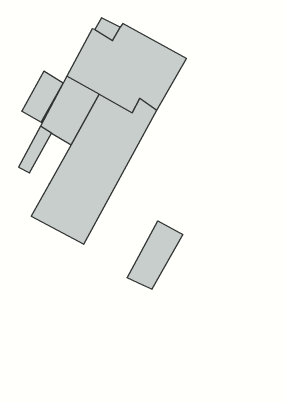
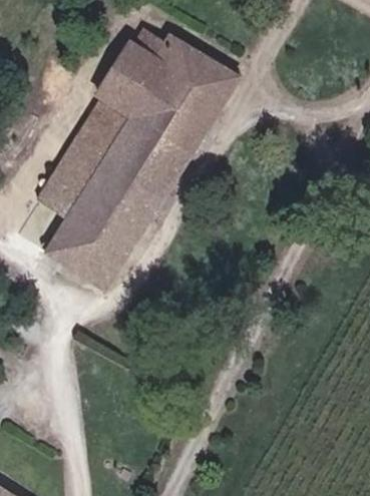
building: [22,71,63,122] -> [52,162,101,222]
building: [127,221,183,289] -> none

